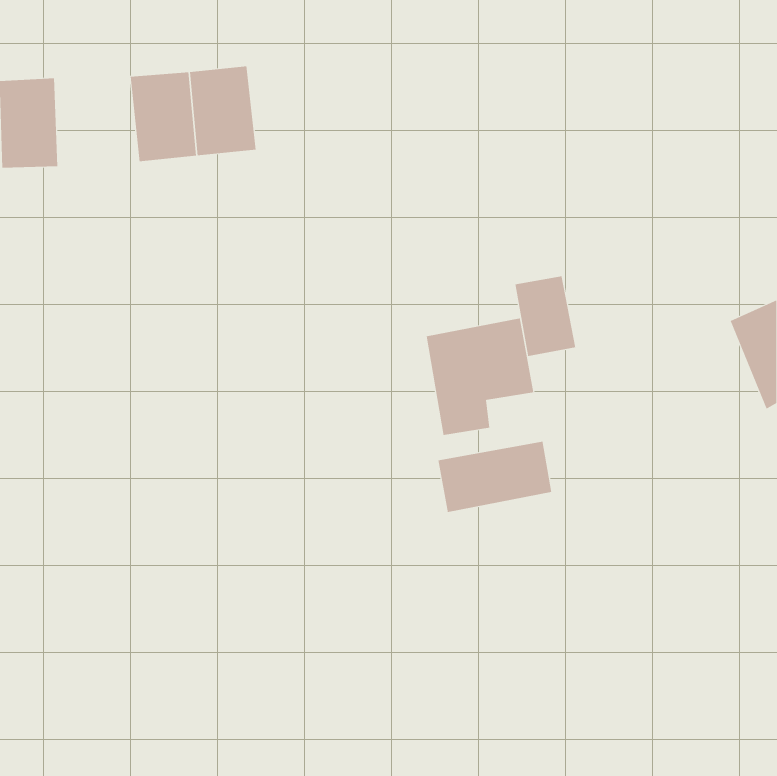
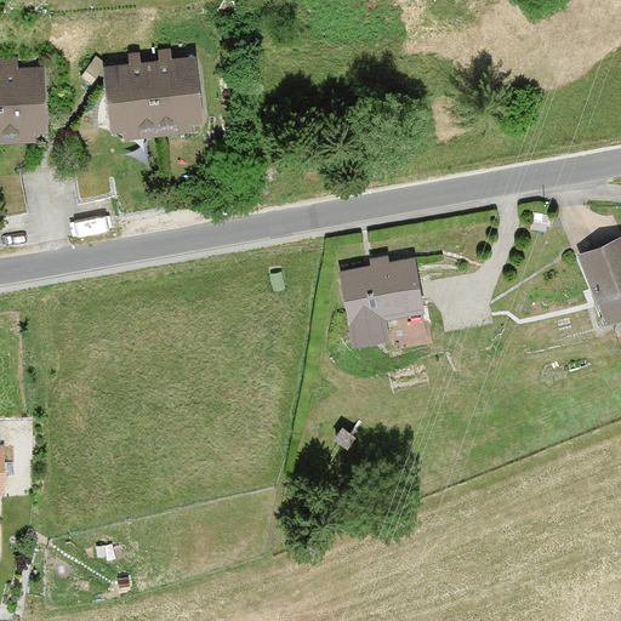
building: [515,275,576,357] -> none
building: [438,441,552,513] -> none

